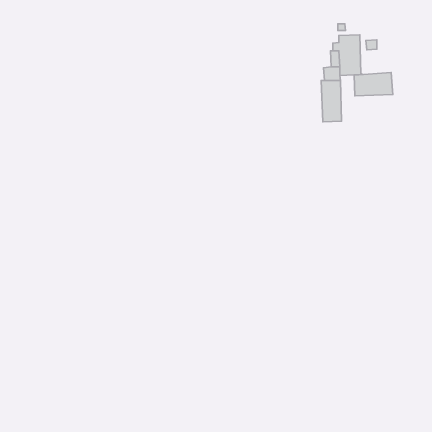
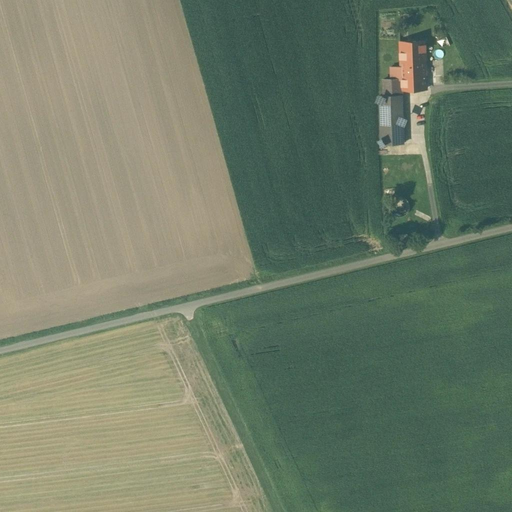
building: [354,73,393,96] -> none

